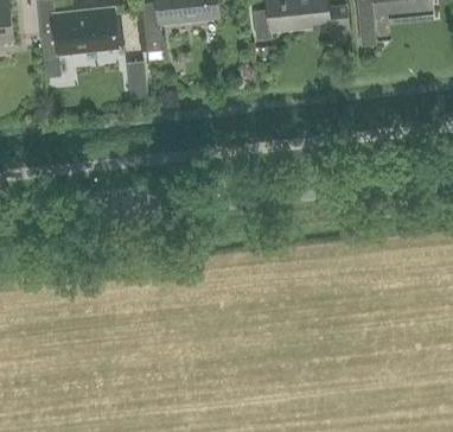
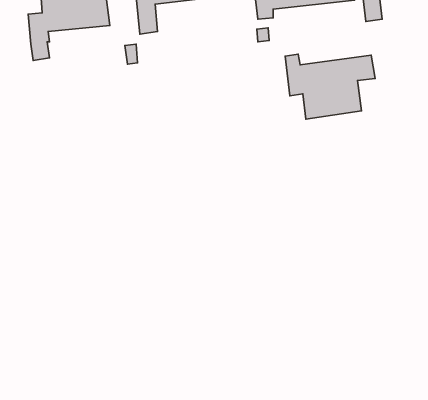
building: none -> [285,54,375,119]

